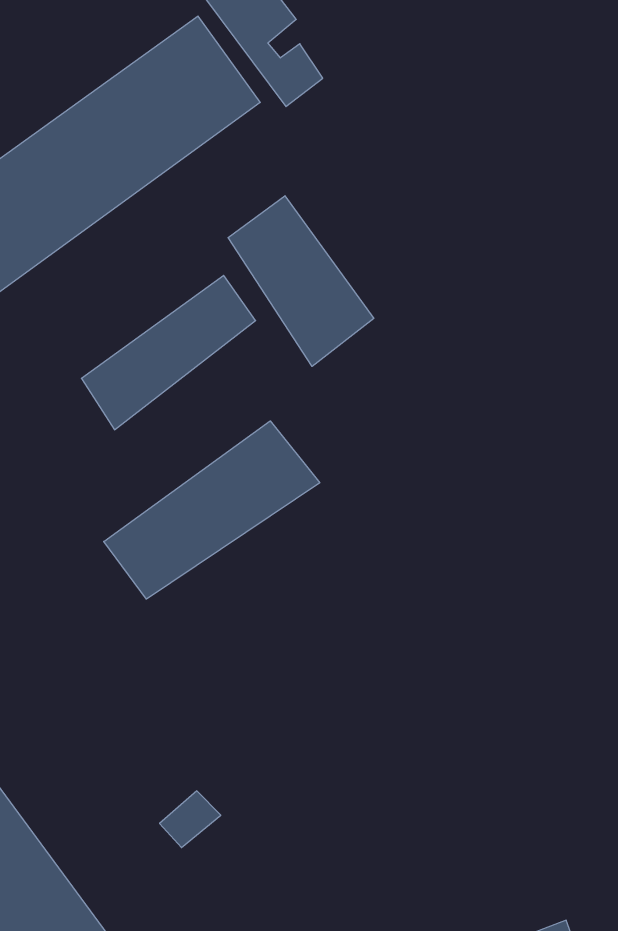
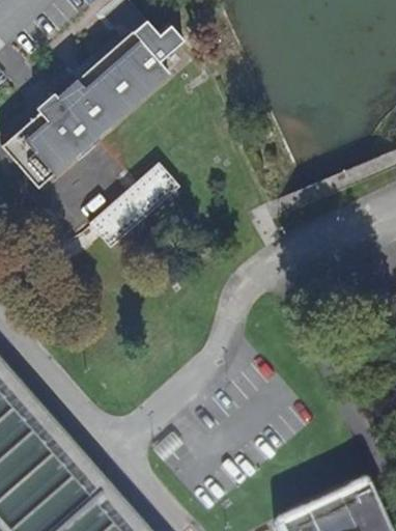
building: [228,196,374,366] -> none
building: [104,421,320,599] -> none

